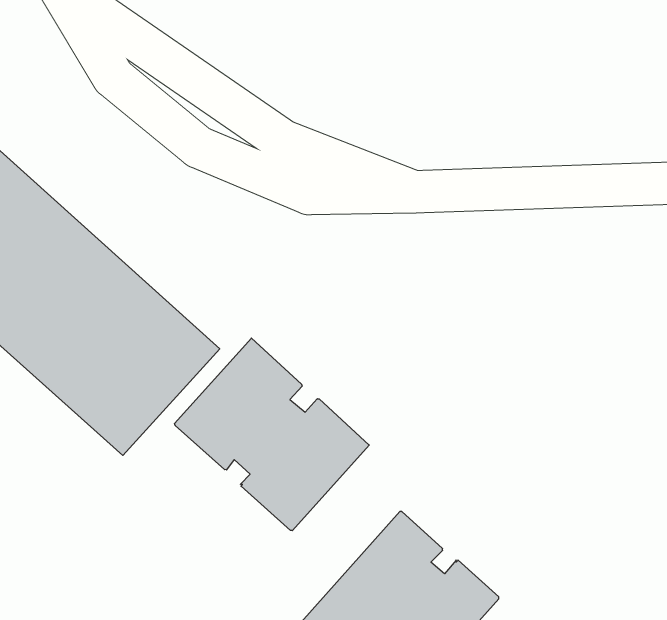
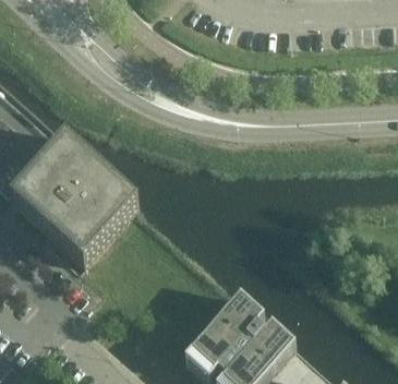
building: [175,338,369,531] -> none

